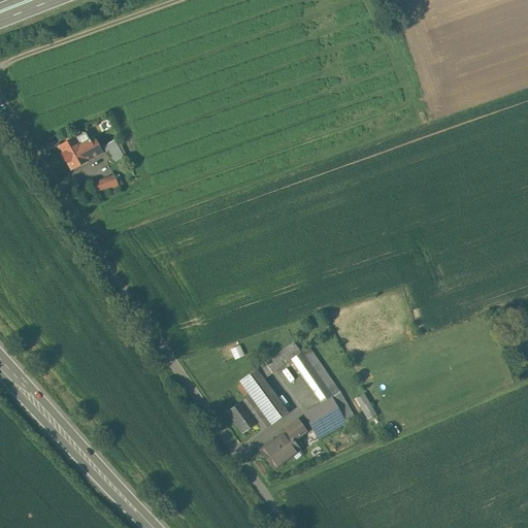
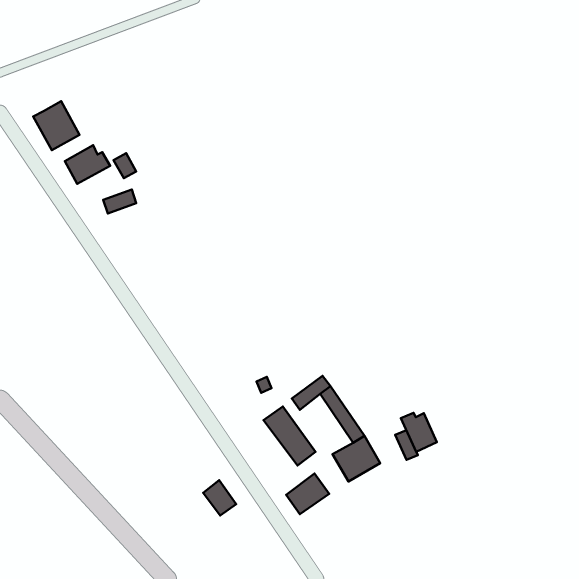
building: none -> [33,101,79,150]
building: none -> [401,413,437,452]
building: [227,400,257,432] -> [203,480,236,516]

